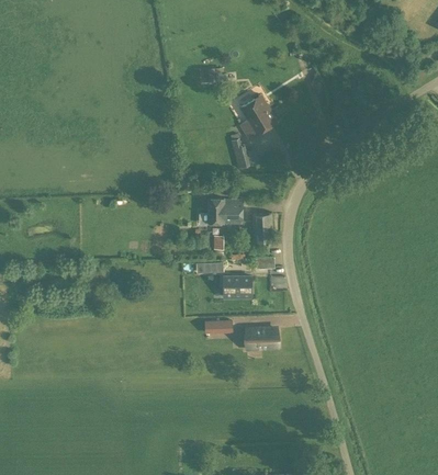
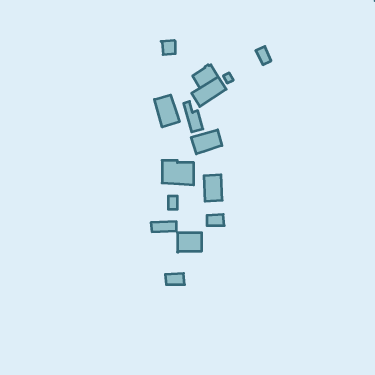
building: none -> [154,95,179,127]
building: none -> [191,130,222,154]
building: [244,327,276,348] -> none

